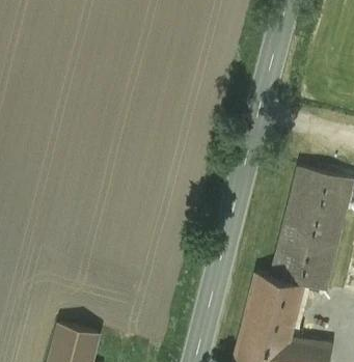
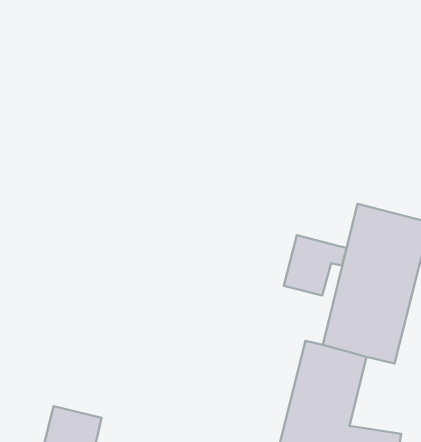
building: none -> [284,235,347,296]

